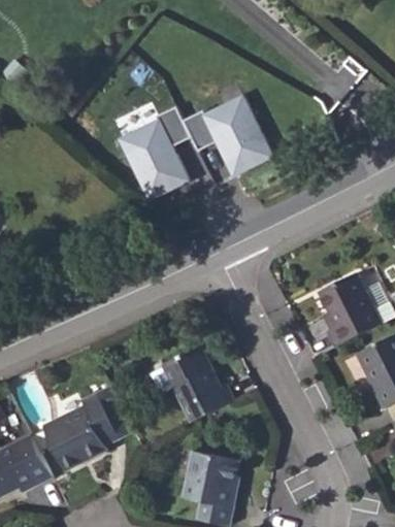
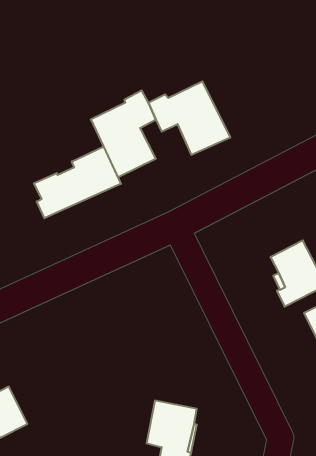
building: none -> [34,147,121,218]
building: [160,350,230,423] -> none
building: [40,387,132,472] -> none

